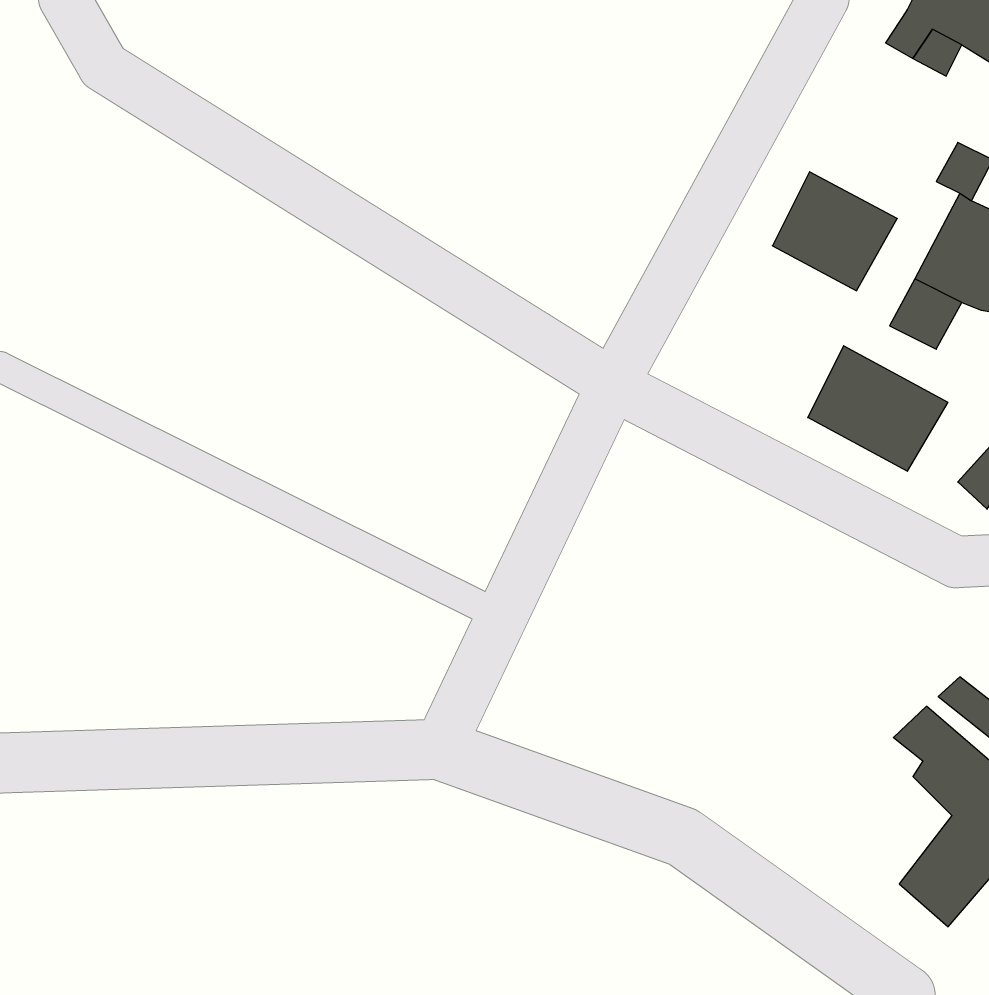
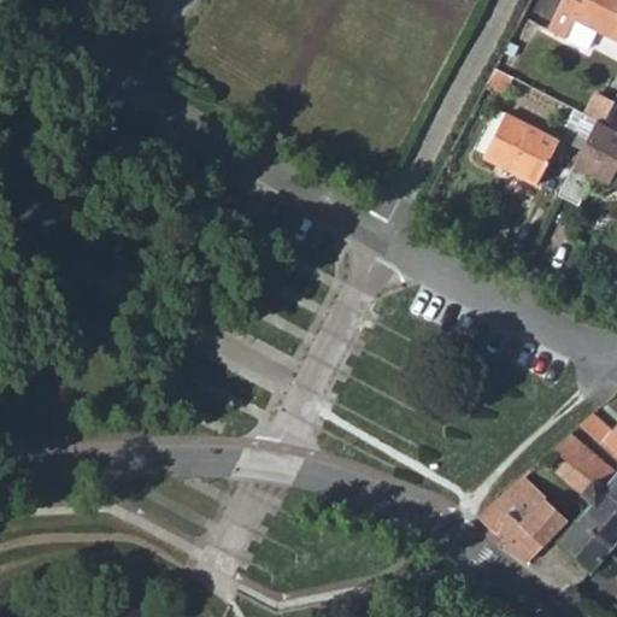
building: [808,346,948,471] -> none
building: none -> [482,478,571,565]

